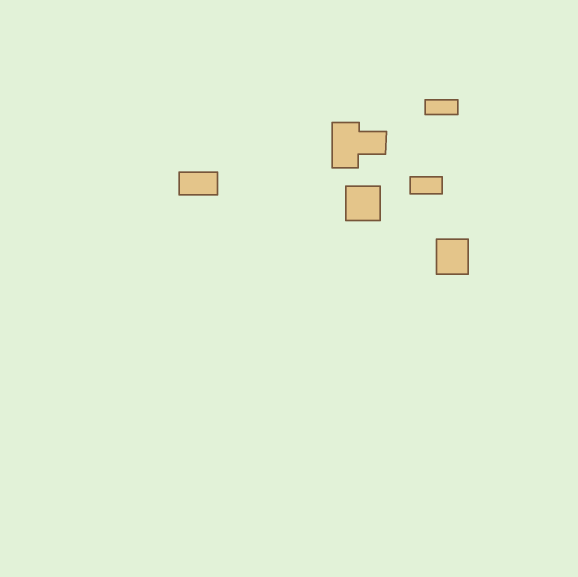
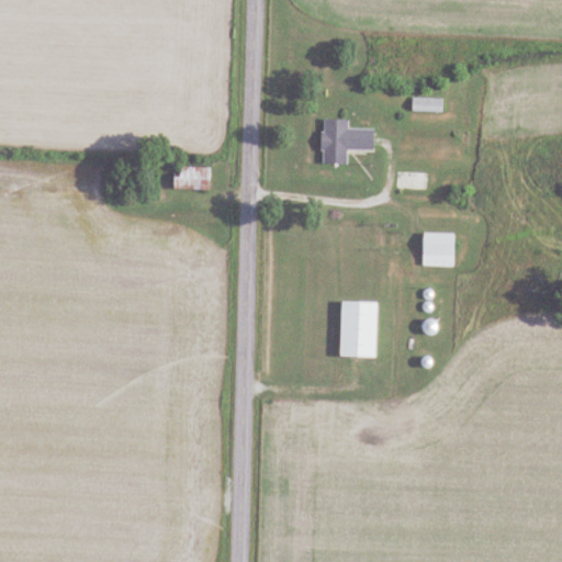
building: [346,186,380,220] -> none
building: none -> [340,300,378,356]

